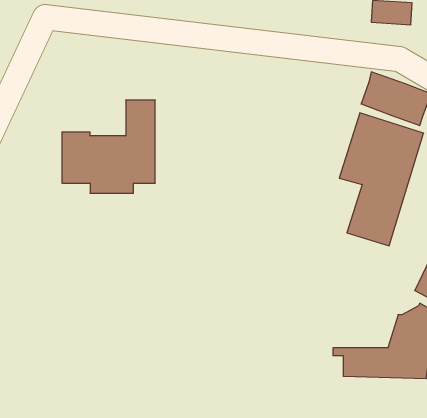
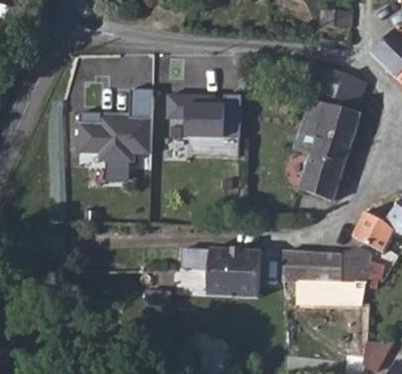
building: none -> [164,93,238,136]
building: none -> [181,247,261,298]
building: none -> [283,251,340,281]

